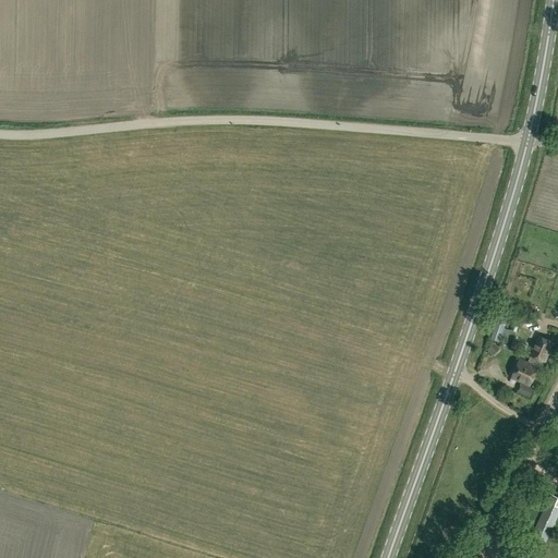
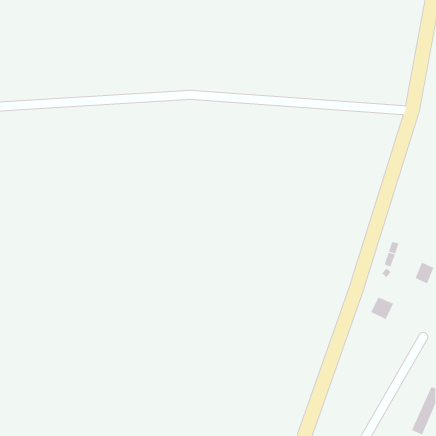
building: [510,357,539,387] -> [371,297,394,320]

